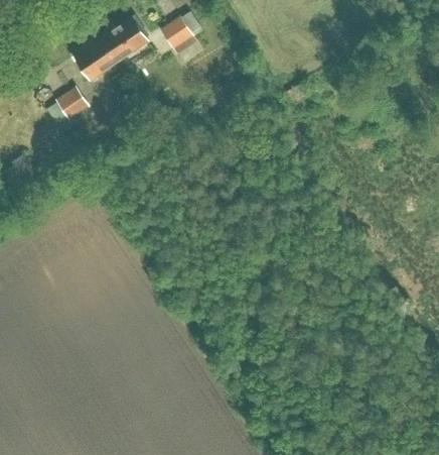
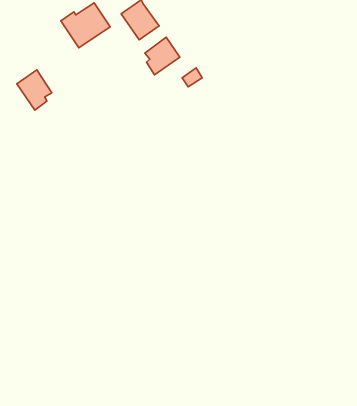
building: [72,36,118,81] -> none
building: none -> [145,37,180,75]

